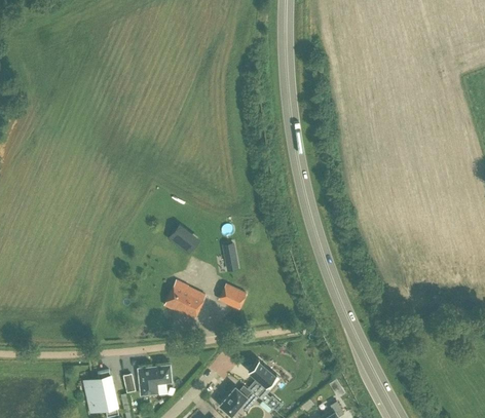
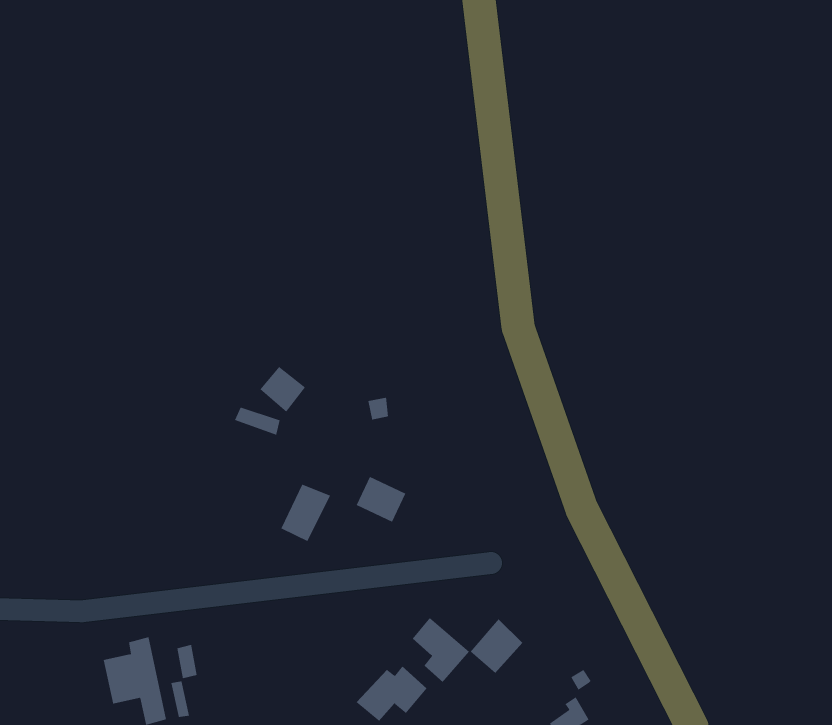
building: [164,280,190,312] -> none
building: none -> [470,619,523,674]
building: [138,366,172,395] -> none

